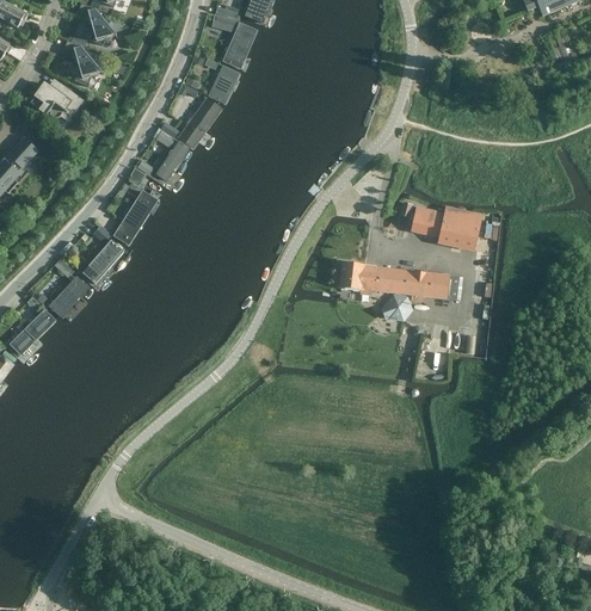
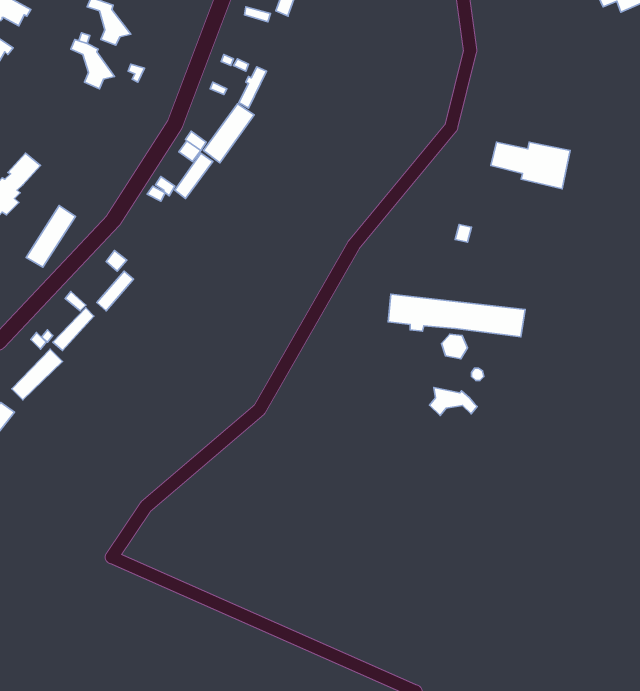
building: [223,21,258,66] -> none
building: [29,84,82,122] -> none
building: [113,191,156,245] -> [26,206,76,267]
building: [412,209,481,249] -> [491,142,570,189]
building: none -> [429,388,477,415]

